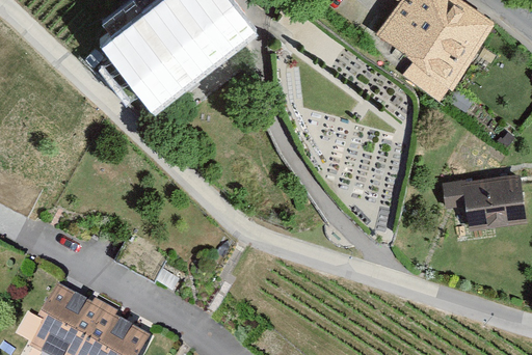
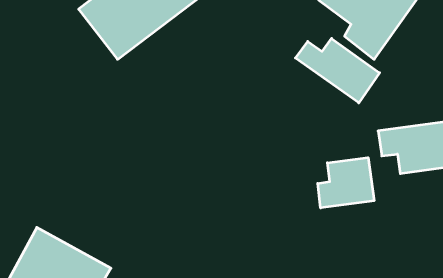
building: none -> [295,38,380,103]
building: none -> [318,158,374,208]

